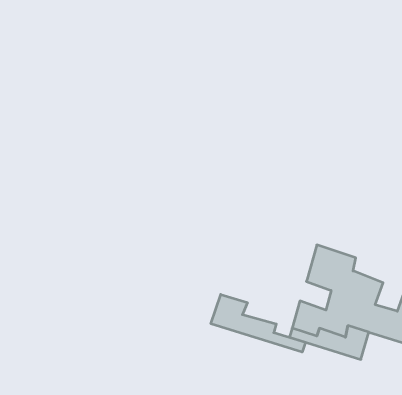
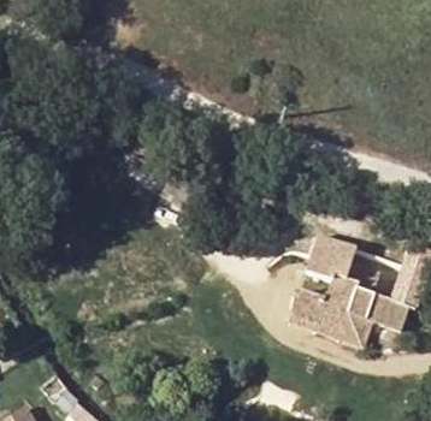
building: [211,294,305,352] -> none

